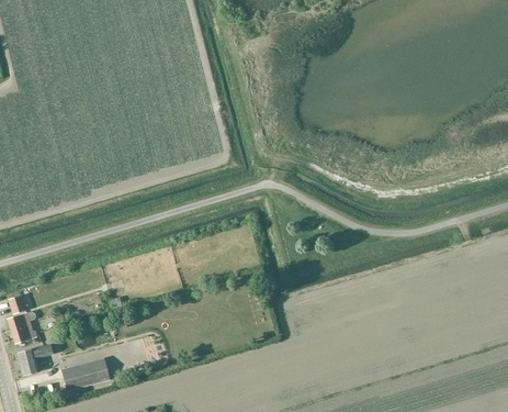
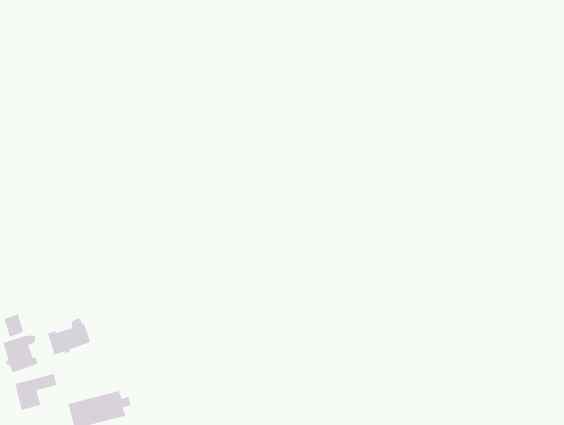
building: none -> [47,318,91,355]

